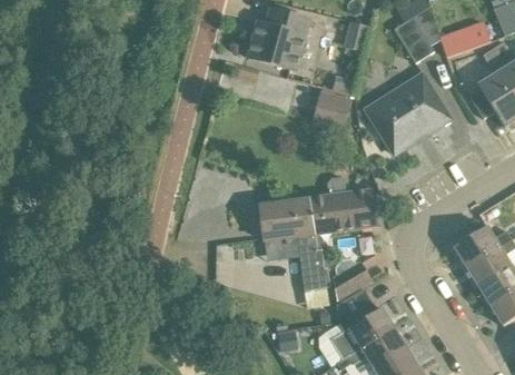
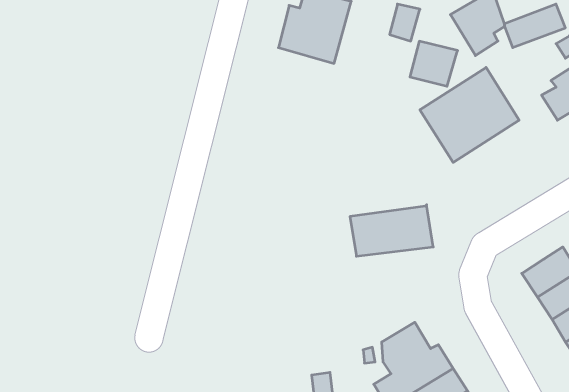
building: [311,91,351,129] -> [410,41,458,86]
building: [251,198,328,289] -> none
building: [333,261,370,299] -> none

